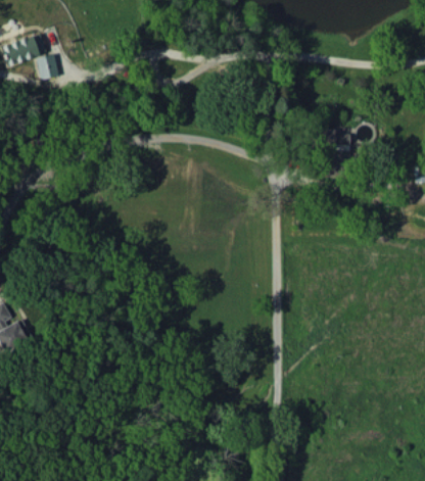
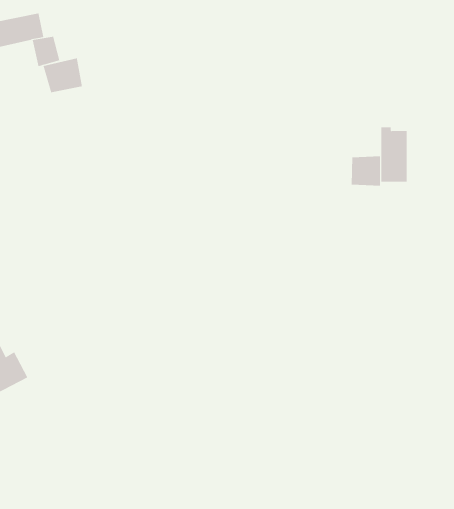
building: none -> [43,58,83,93]
building: none -> [351,155,380,186]

